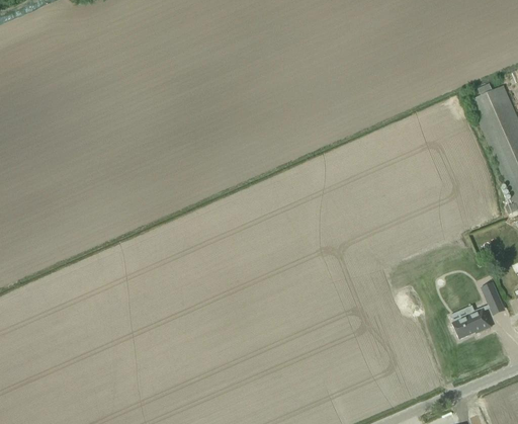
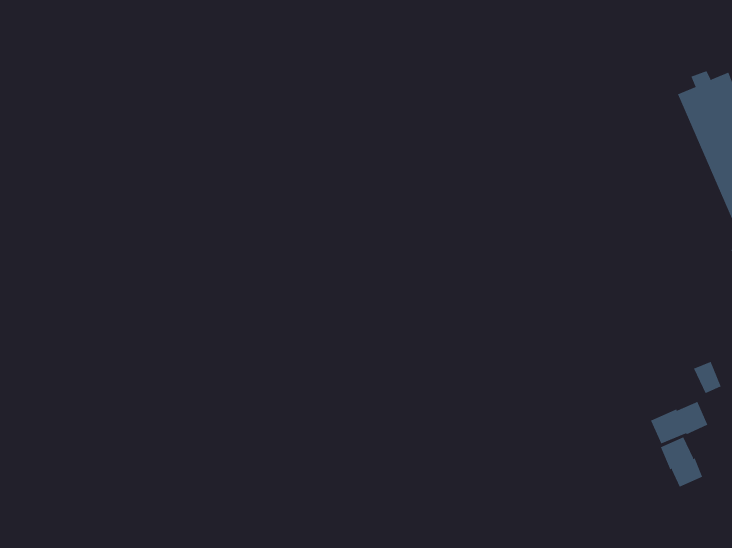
building: none -> [660,436,703,488]

